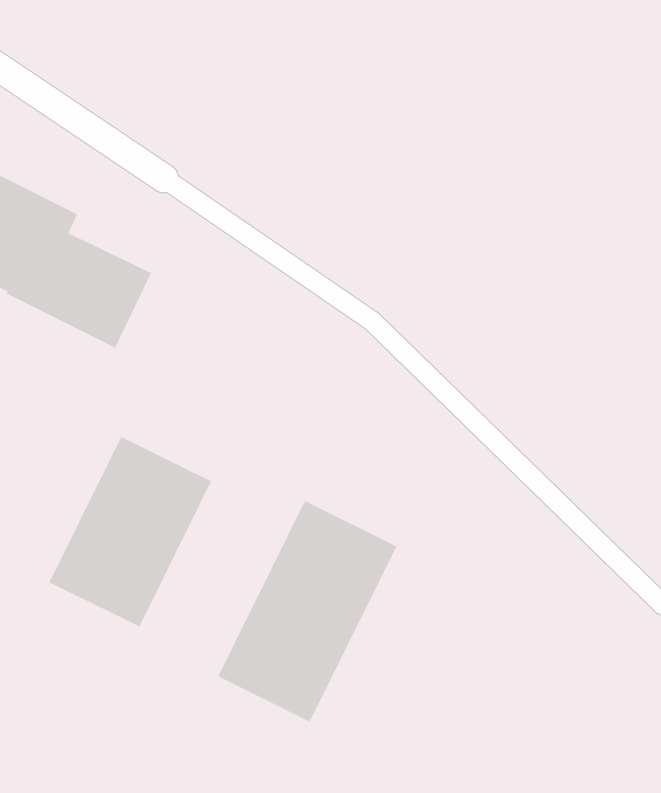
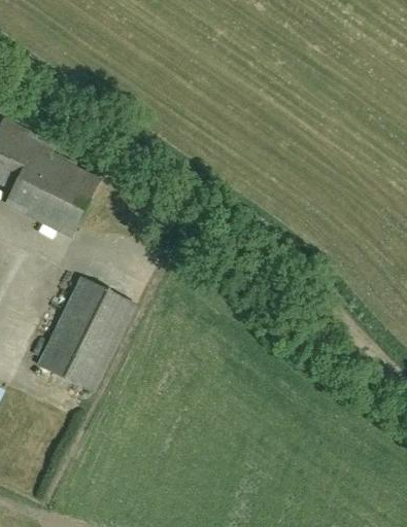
building: [218,500,397,722] -> none

